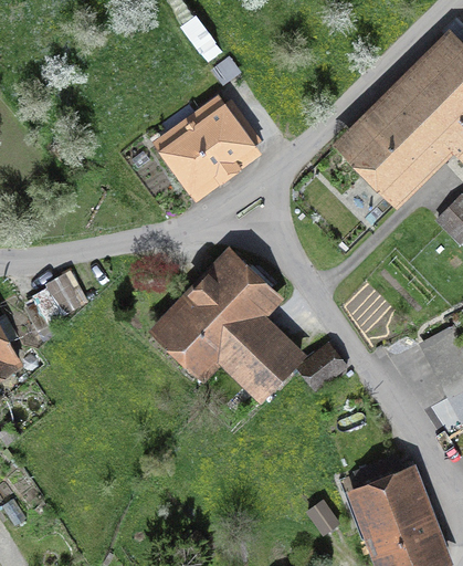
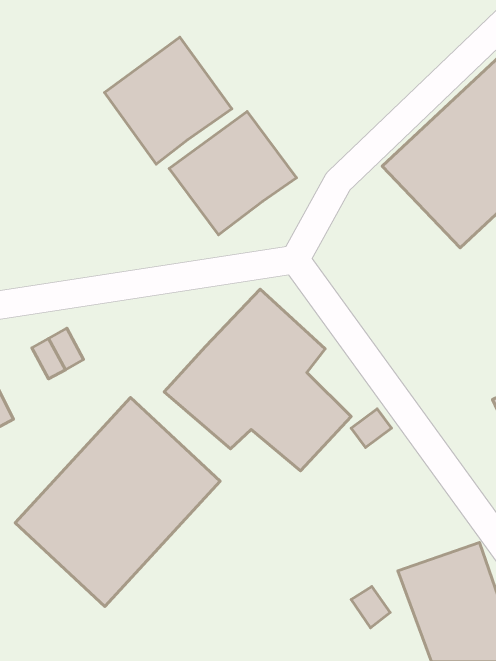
building: none -> [104,37,232,164]
building: none -> [15,398,220,607]

